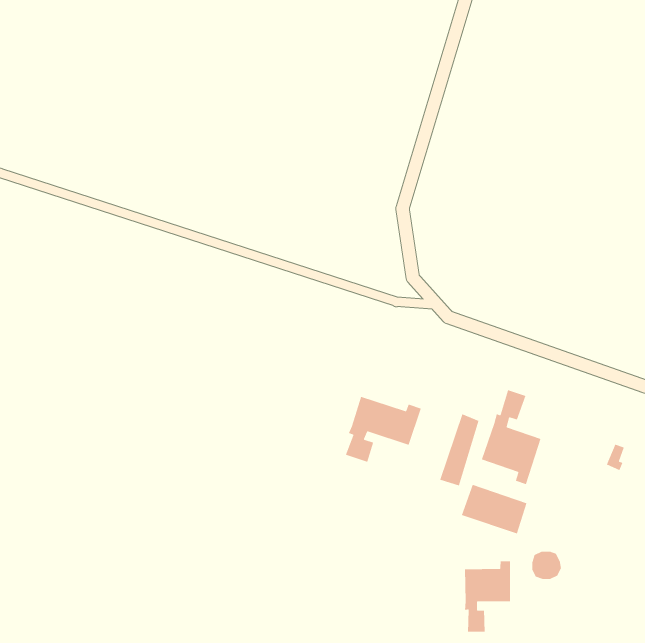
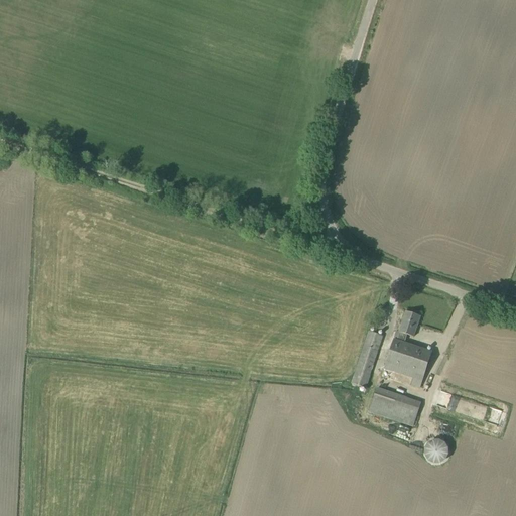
building: [345,396,422,463] -> none
building: [464,560,511,633] -> none

